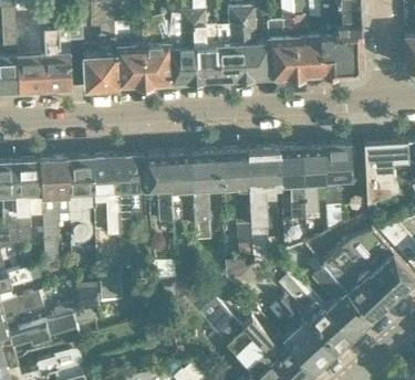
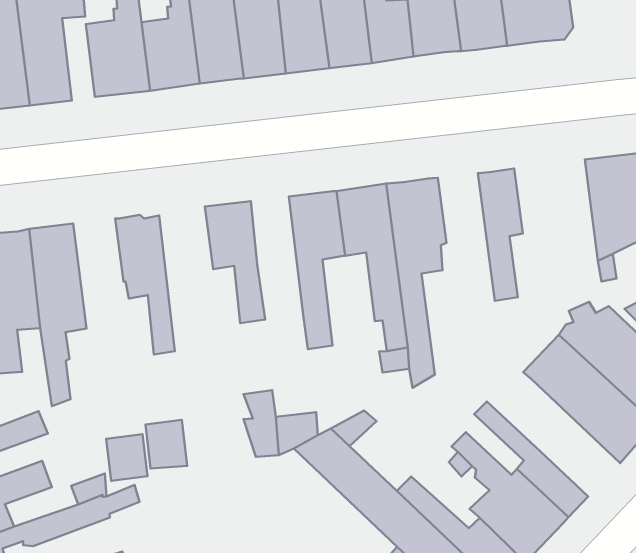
building: [323,148,353,234] -> none
building: [279,150,308,252] -> none
building: [170,156,196,225] -> none
building: [117,158,146,240] -> none
building: [68,161,94,244] -> none
building: [309,263,372,340] -> none

